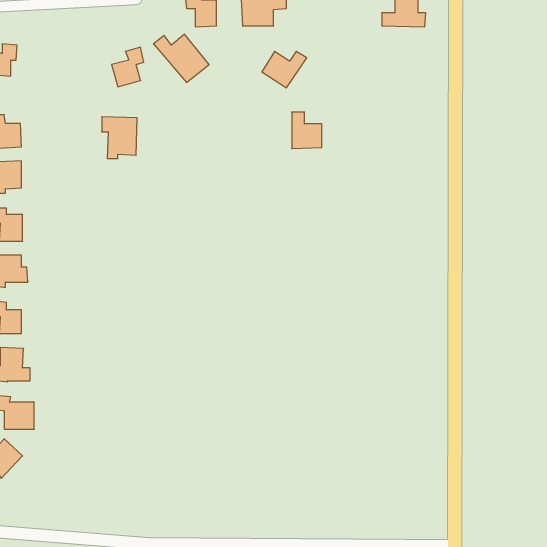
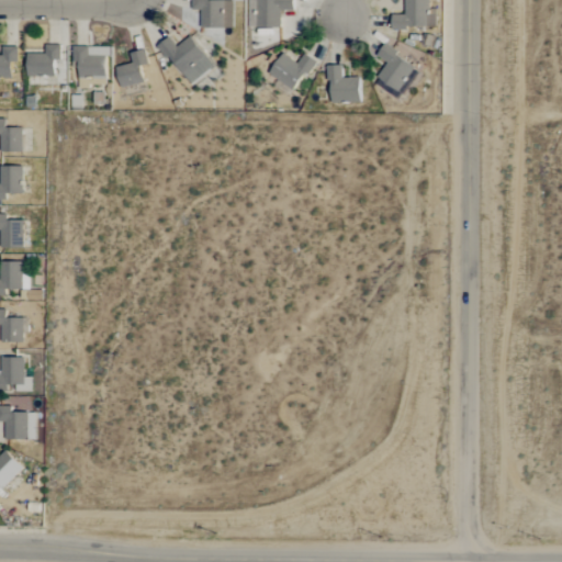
building: none -> [26,44,60,76]
building: none -> [373,46,418,99]
building: [292,112,322,149] -> [328,65,359,102]
building: [102,117,137,158] -> [71,45,108,88]

